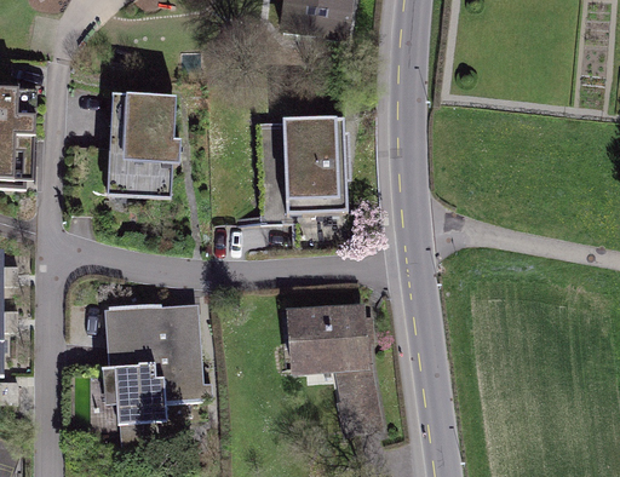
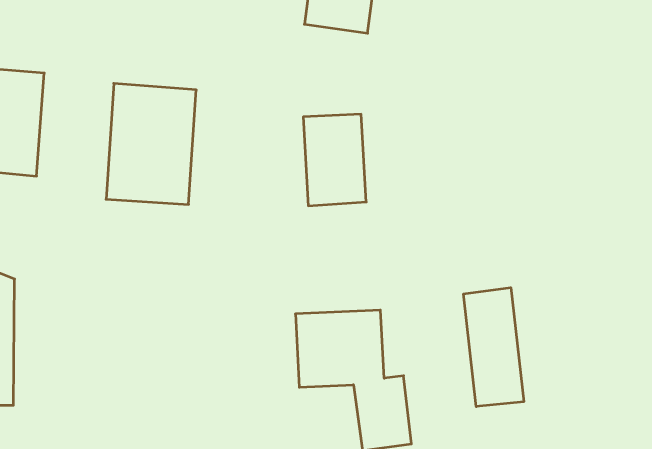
building: none -> [464,288,524,407]
building: [94,298,213,418] -> none

